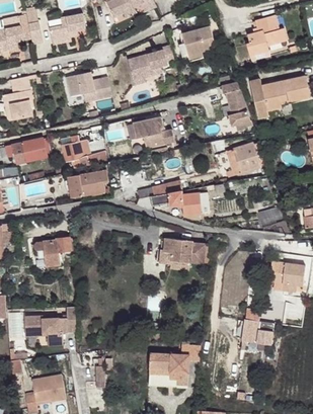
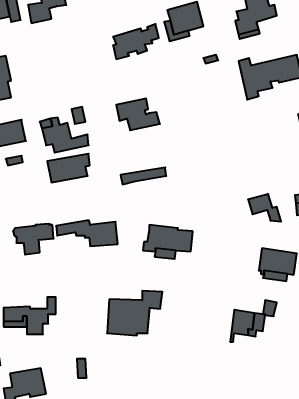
building: [66,72,111,102] -> none
building: [221,82,252,132] -> none
building: [226,143,264,175] -> none
building: [151,191,210,216] -> [56,221,118,246]
building: [148,344,201,387] -> [107,291,162,335]

